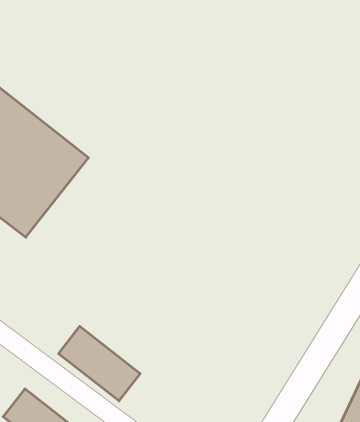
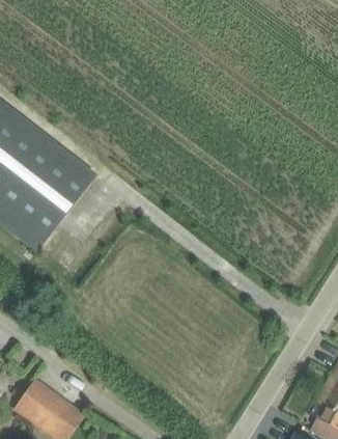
building: [59,326,140,401] -> none

